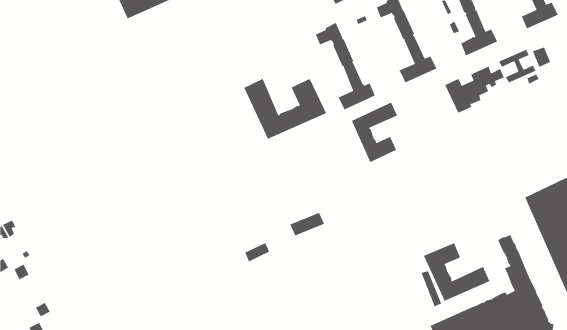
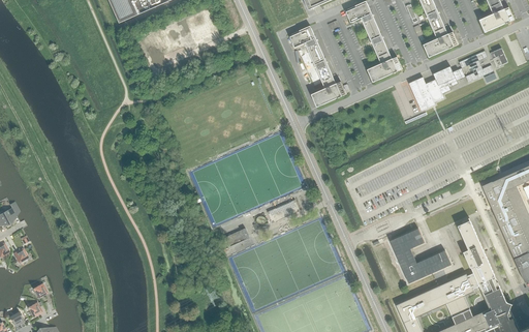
building: [243,78,327,140] -> none
building: [351,102,398,163] -> none

